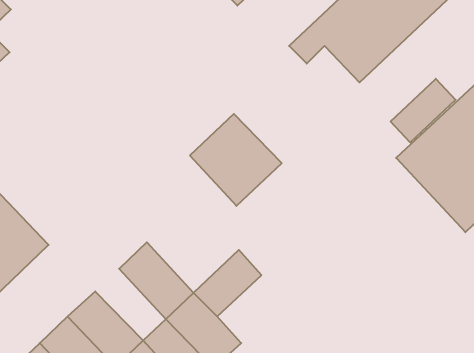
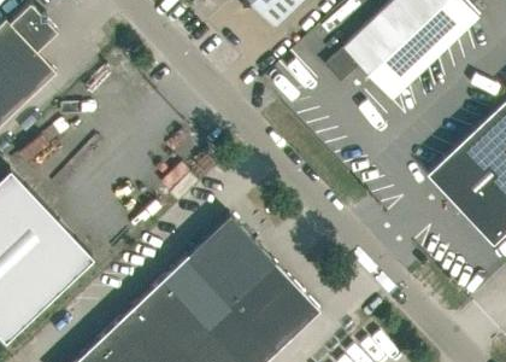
building: [391,79,456,142] -> none
building: [190,114,282,206] -> [188,215,276,303]
building: none -> [139,280,206,349]
building: none -> [255,286,320,351]

